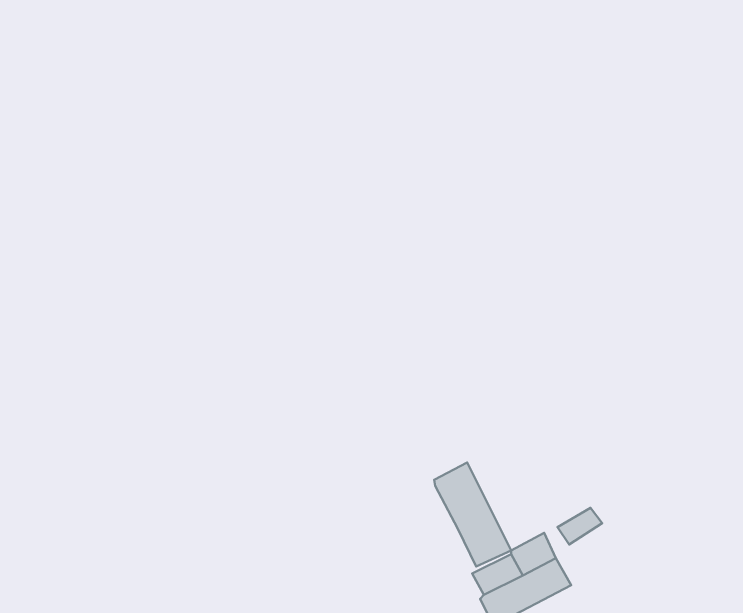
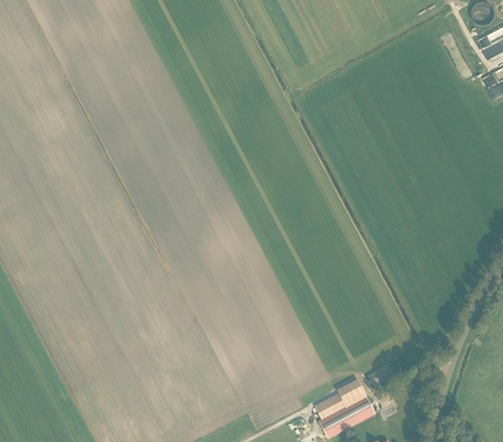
building: [434,463,511,566] -> none

